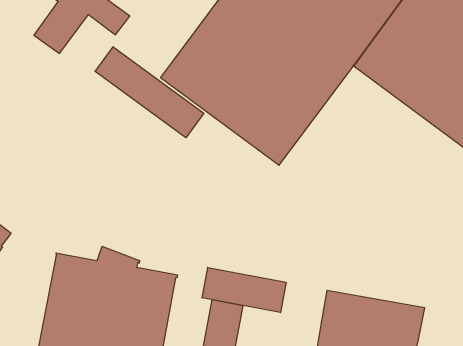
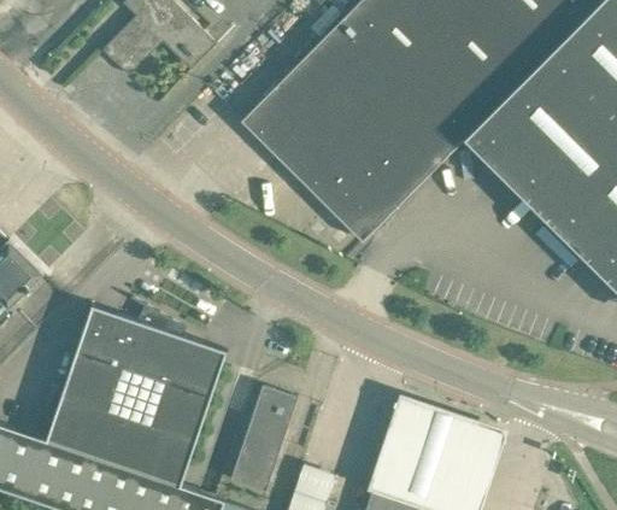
building: [95,47,204,138] -> none
building: [202,267,286,313] -> none

